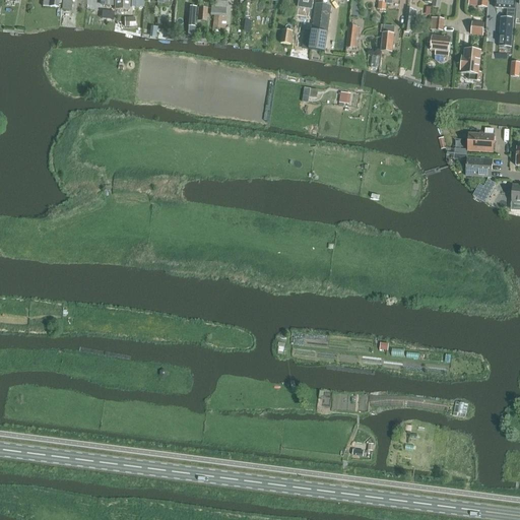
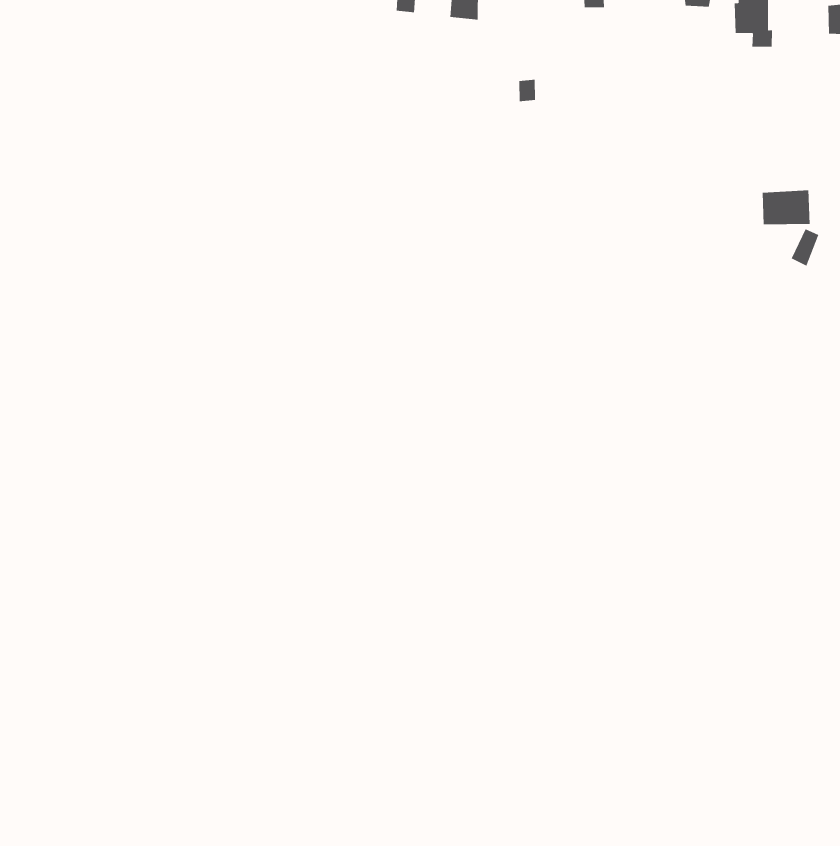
building: [466,131,494,150] -> none

